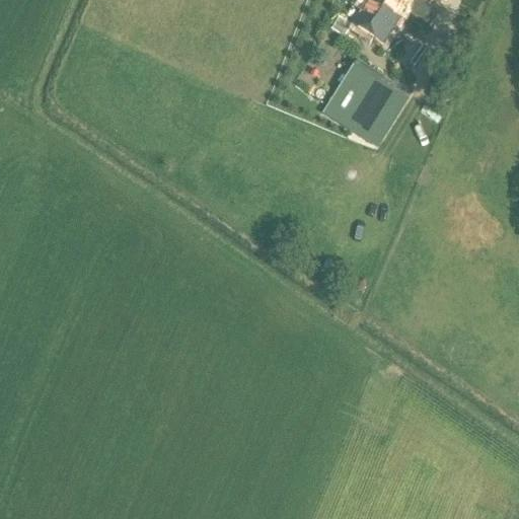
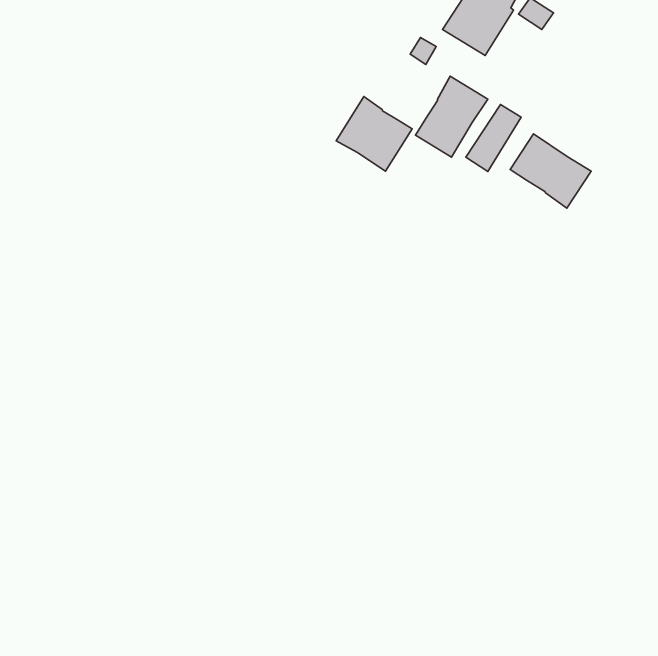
building: none -> [336,96,412,171]
building: none -> [510,134,591,208]

